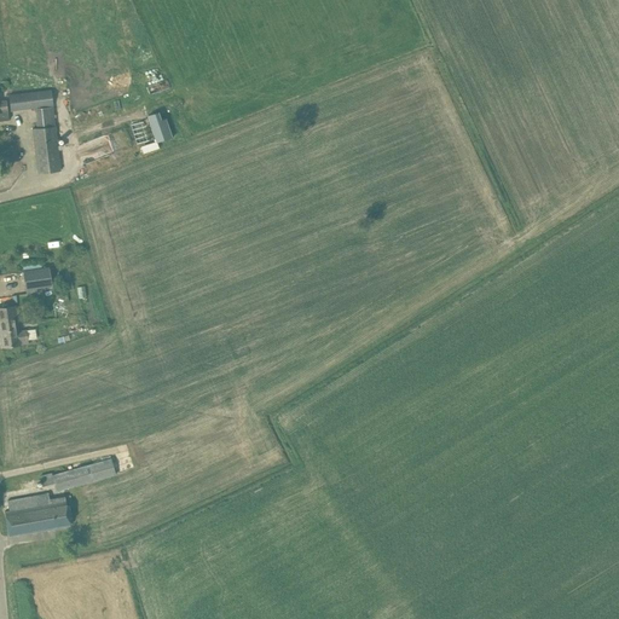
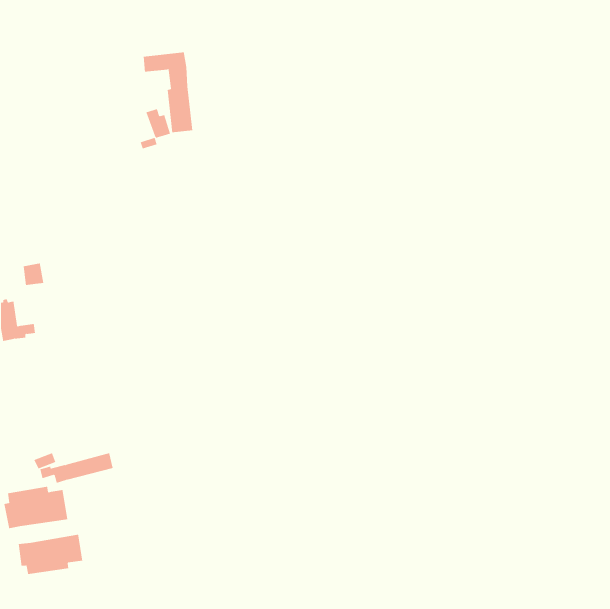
building: [8,89,59,172] -> [143,52,193,133]
building: none -> [18,534,83,575]

